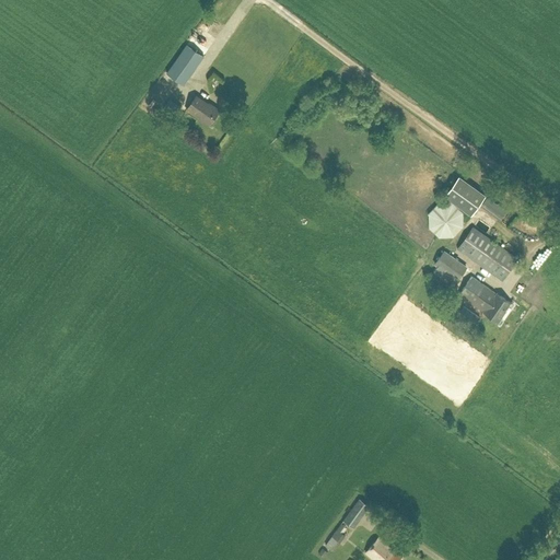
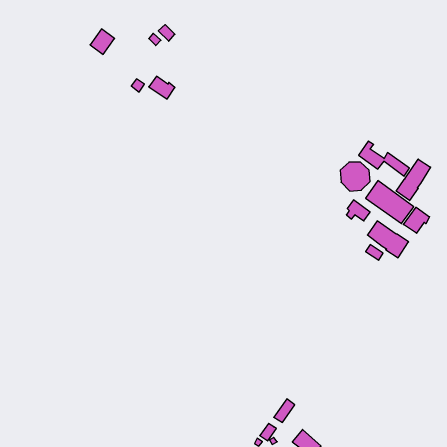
building: [166,54,197,85] -> [90,29,115,54]
building: none -> [396,159,431,201]
building: none -> [403,207,430,233]

